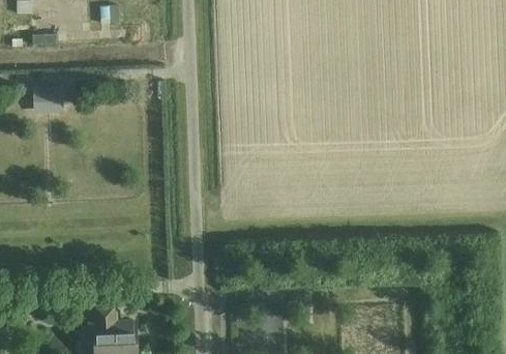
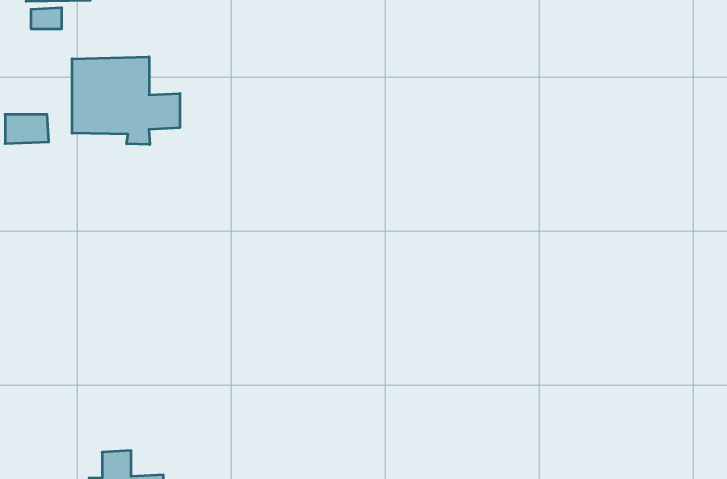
building: none -> [72,57,180,145]

